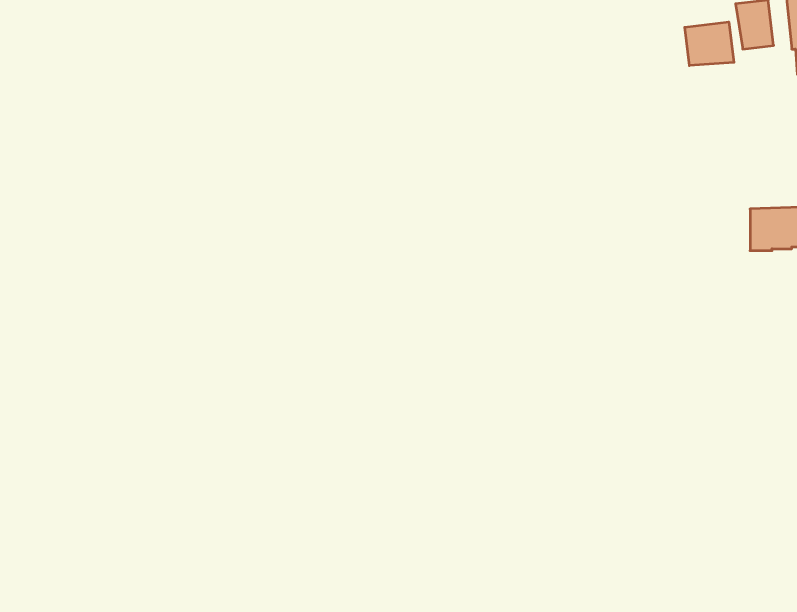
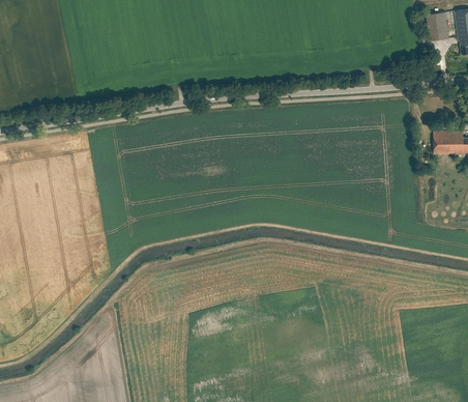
building: [685,22,734,66] -> none

